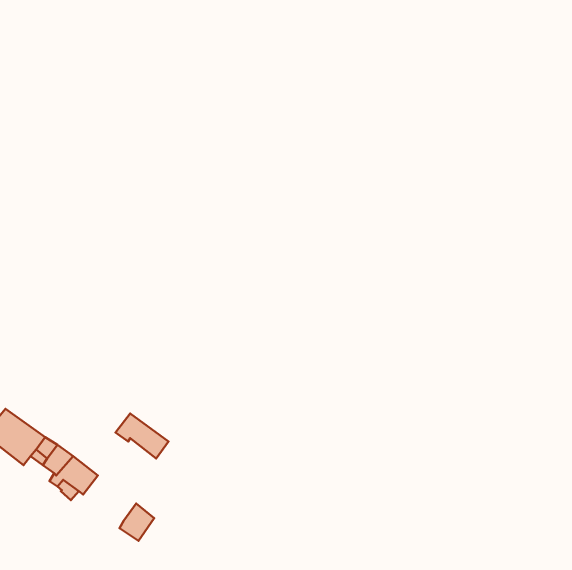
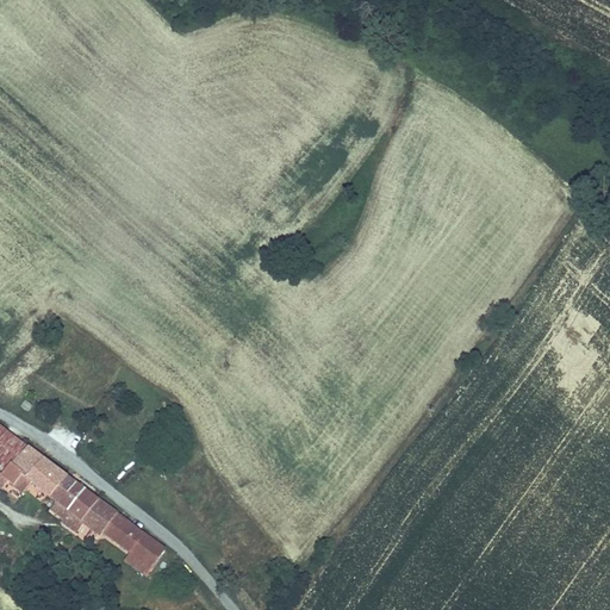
building: [116,413,169,459] -> [88,503,144,550]

